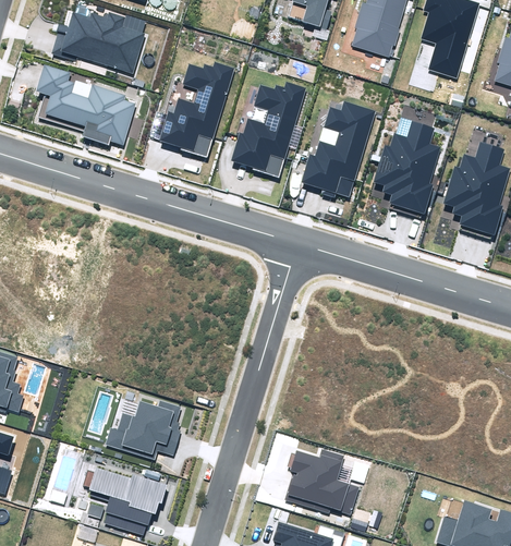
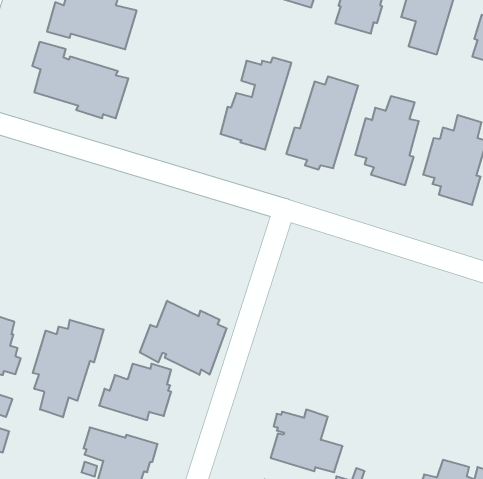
building: [158,61,233,157] -> none
building: none -> [140,301,227,375]
building: none -> [33,320,104,417]

